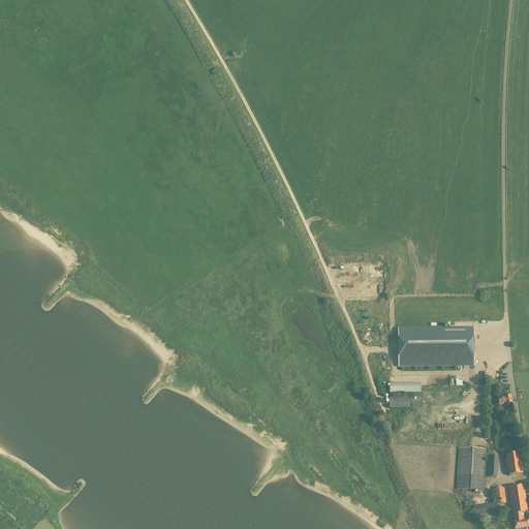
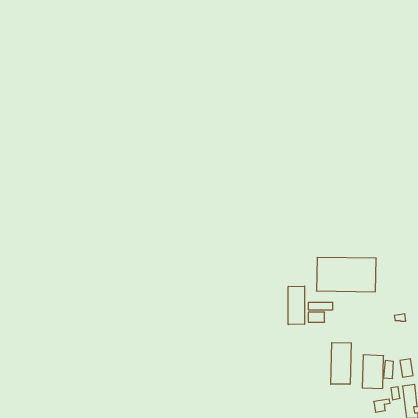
building: none -> [288,286,305,325]
building: none -> [331,343,351,384]

